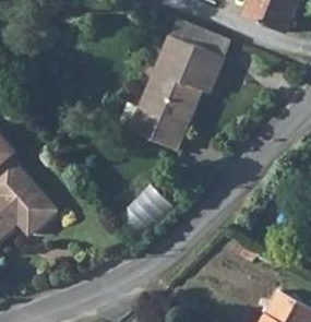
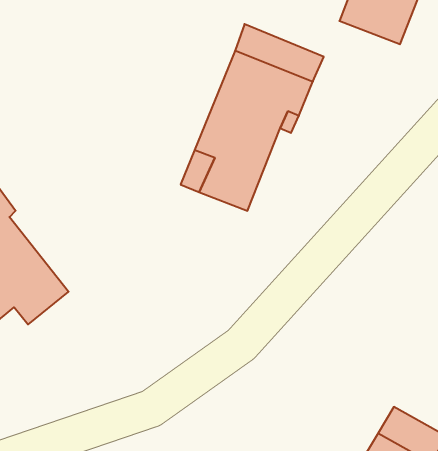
building: [120,182,174,236] -> none

